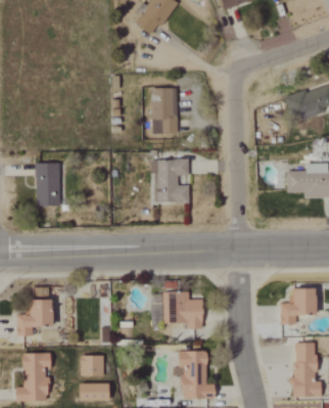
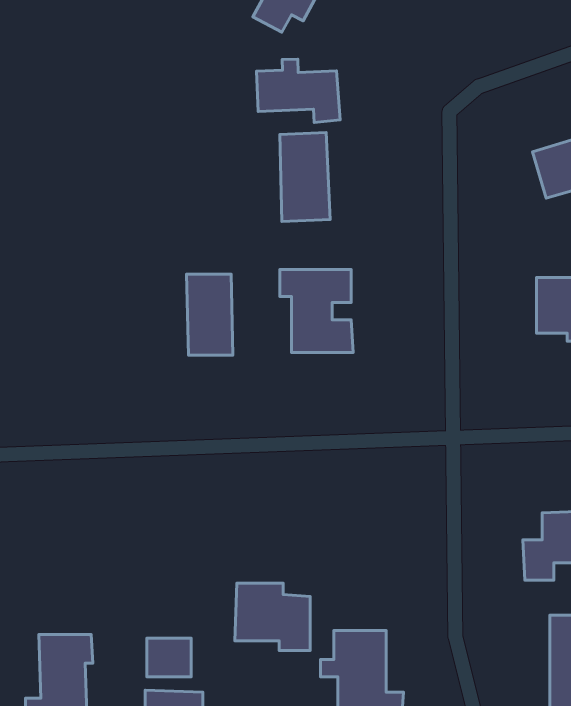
building: none -> [257,59,340,123]
building: [35,164,59,207] -> [187,274,233,355]
building: [162,292,202,328] -> [235,583,310,651]
building: [16,299,53,335] -> none

